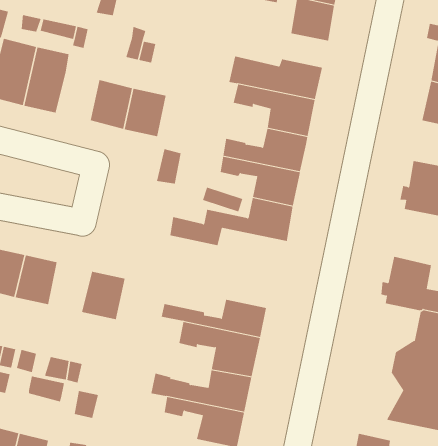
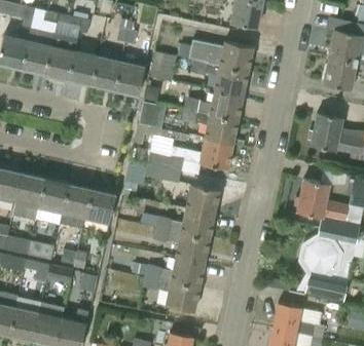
building: none -> [68,51,98,85]
building: none -> [149,51,177,82]
building: none -> [122,162,181,198]
building: none -> [60,184,93,230]
building: none -> [186,185,220,216]

